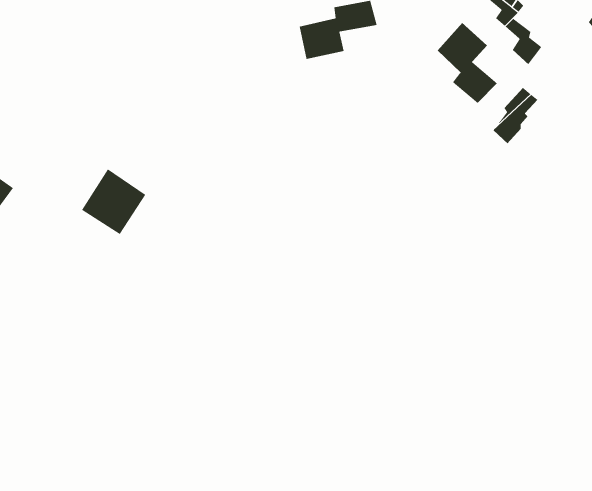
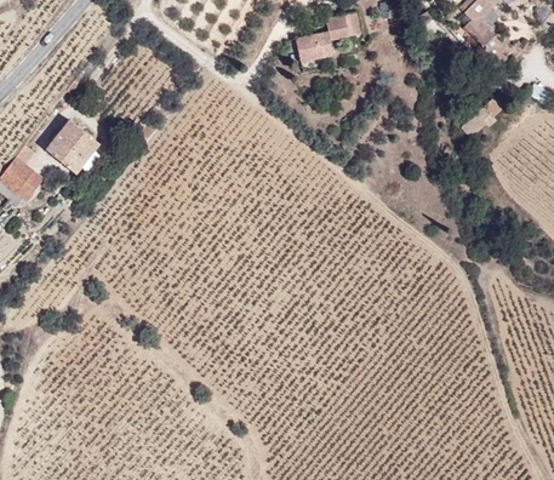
building: [437,22,498,104] -> none
building: [81,168,146,235] -> [45,115,102,173]

